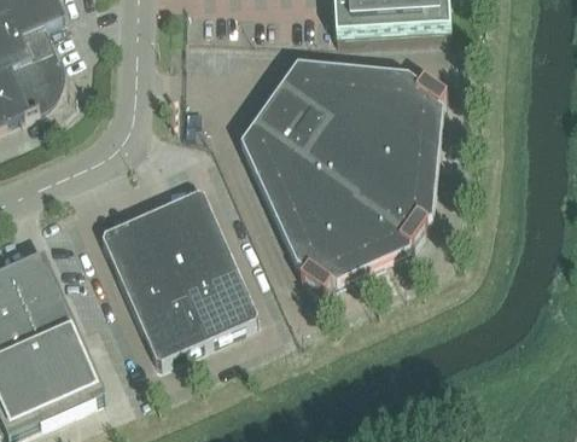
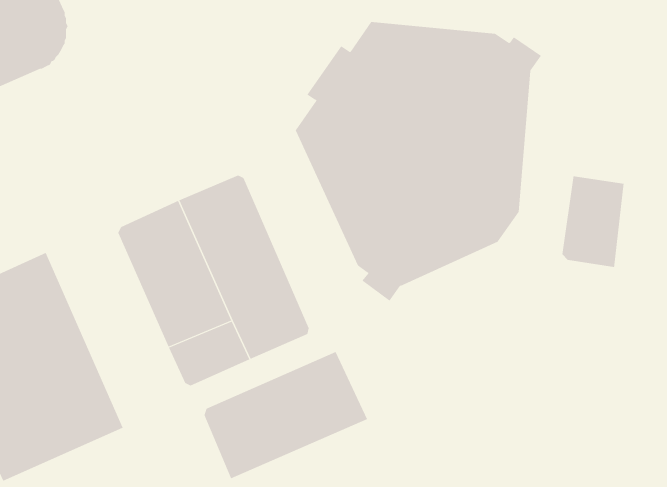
building: none -> [562,176,624,268]
building: none -> [204,351,368,479]

